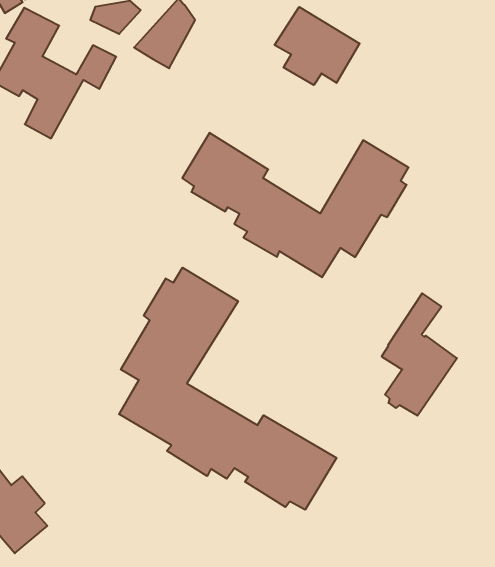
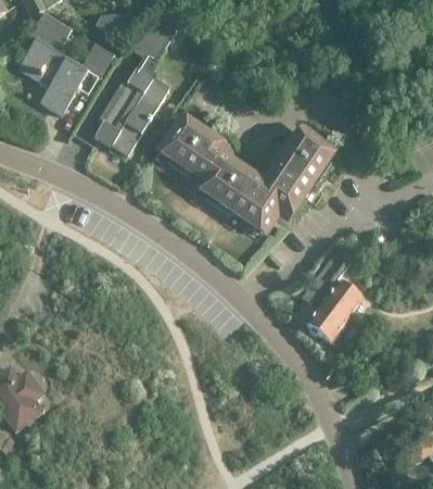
building: [275,7,360,85] -> none
building: none -> [95,67,169,154]
building: [119,268,336,510] -> none

